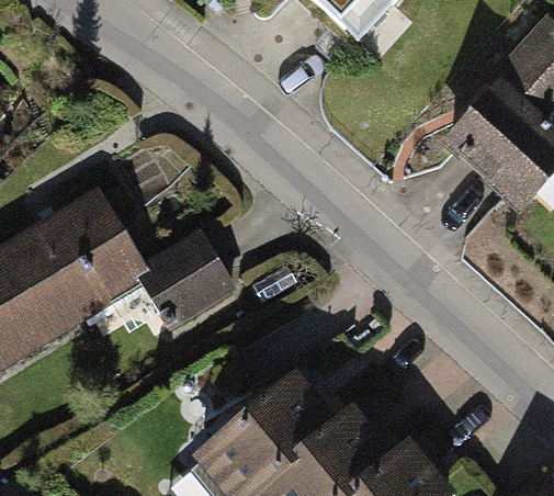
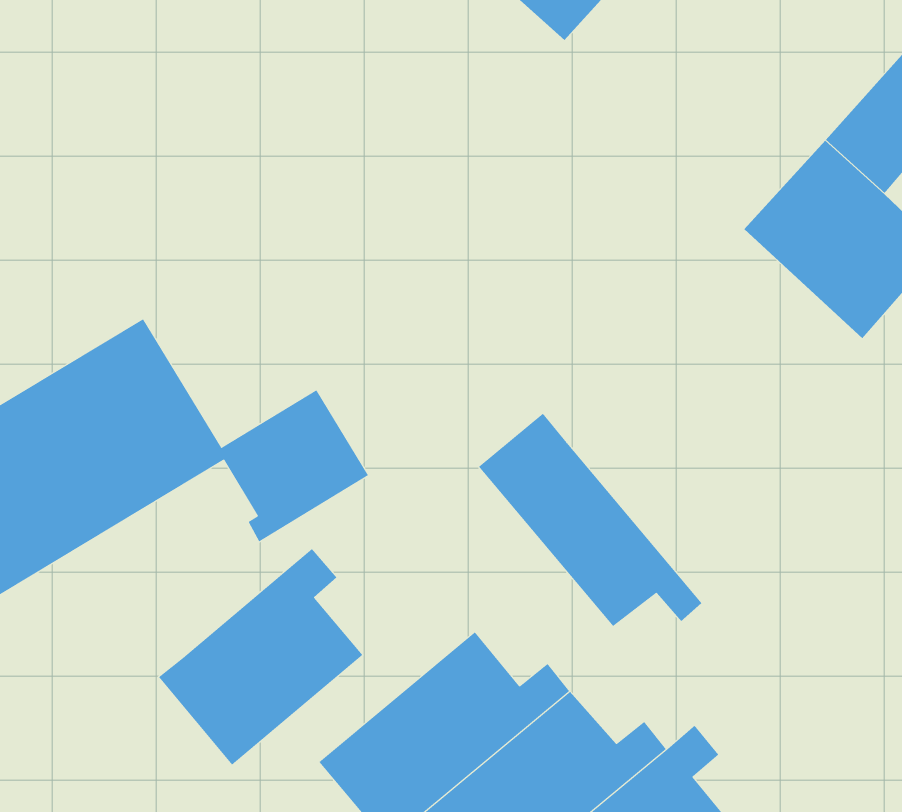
building: none -> [478,413,702,627]
building: none -> [158,548,363,765]

